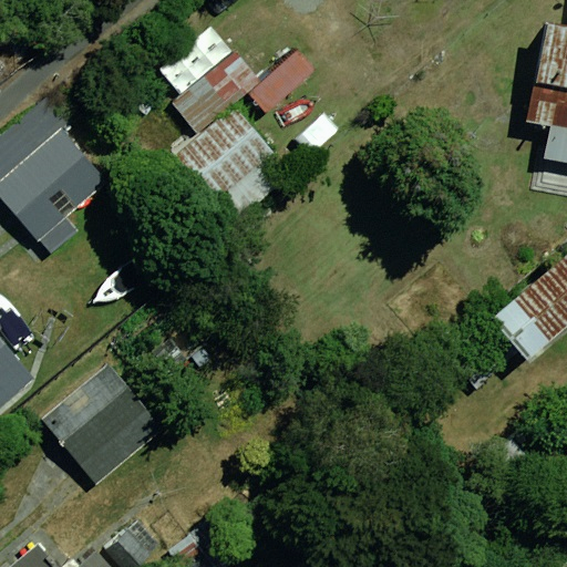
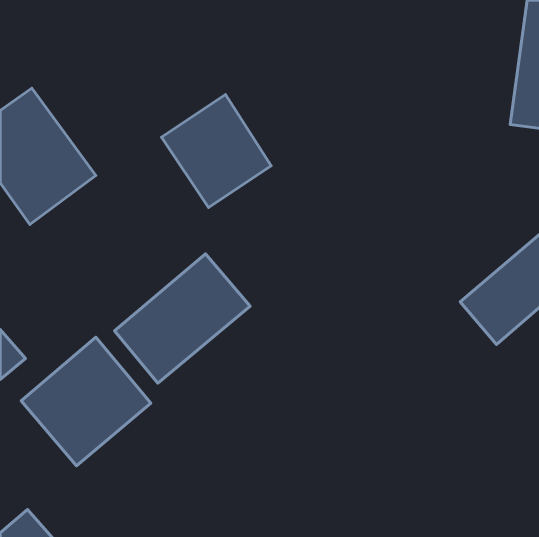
building: [169,50,322,134] -> none
building: none -> [114,254,250,383]

